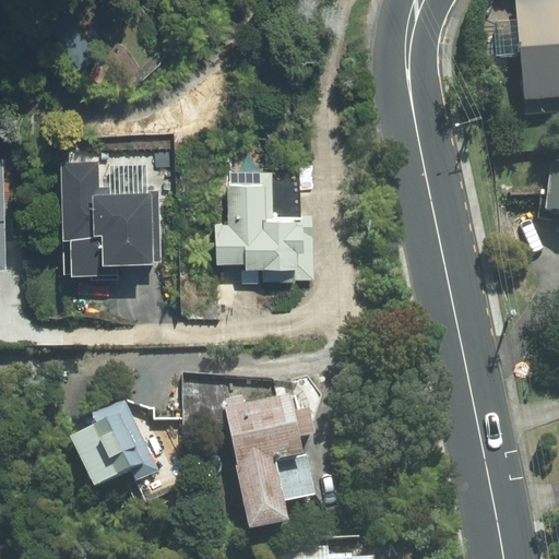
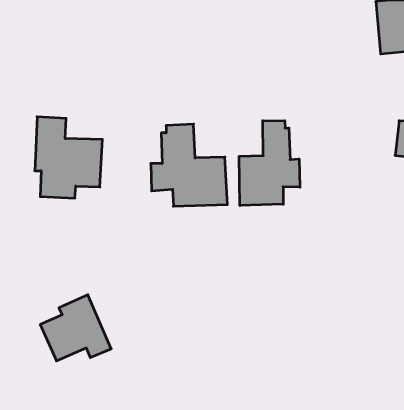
building: none -> [239,121,300,206]
building: [226,396,314,533] -> none

